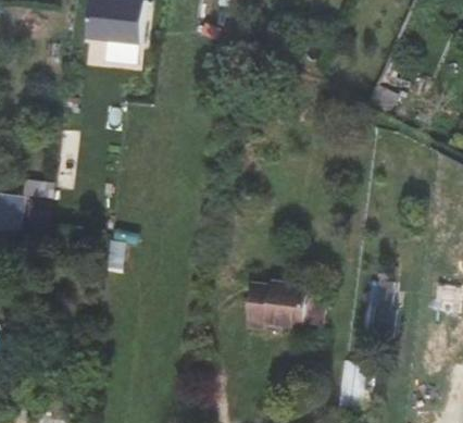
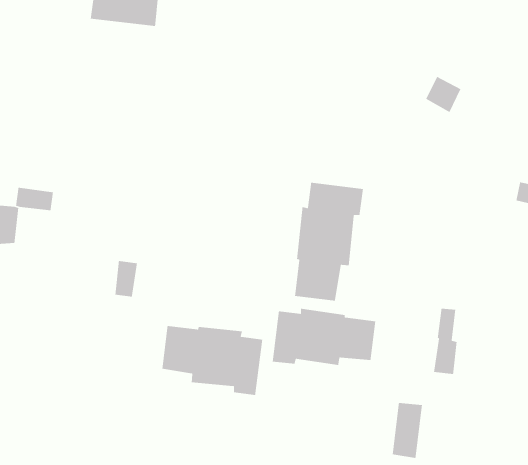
building: none -> [294,182,364,301]
building: none -> [161,325,263,396]

